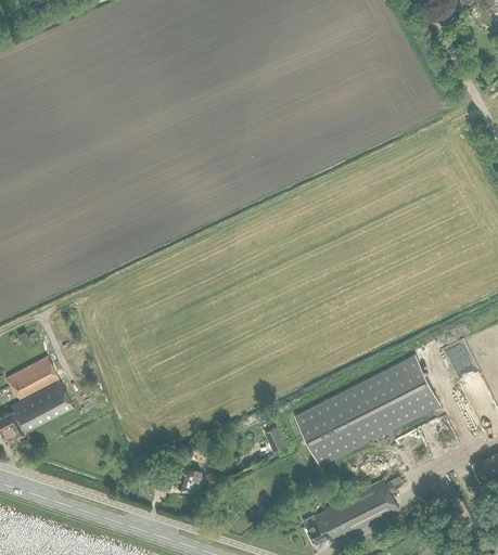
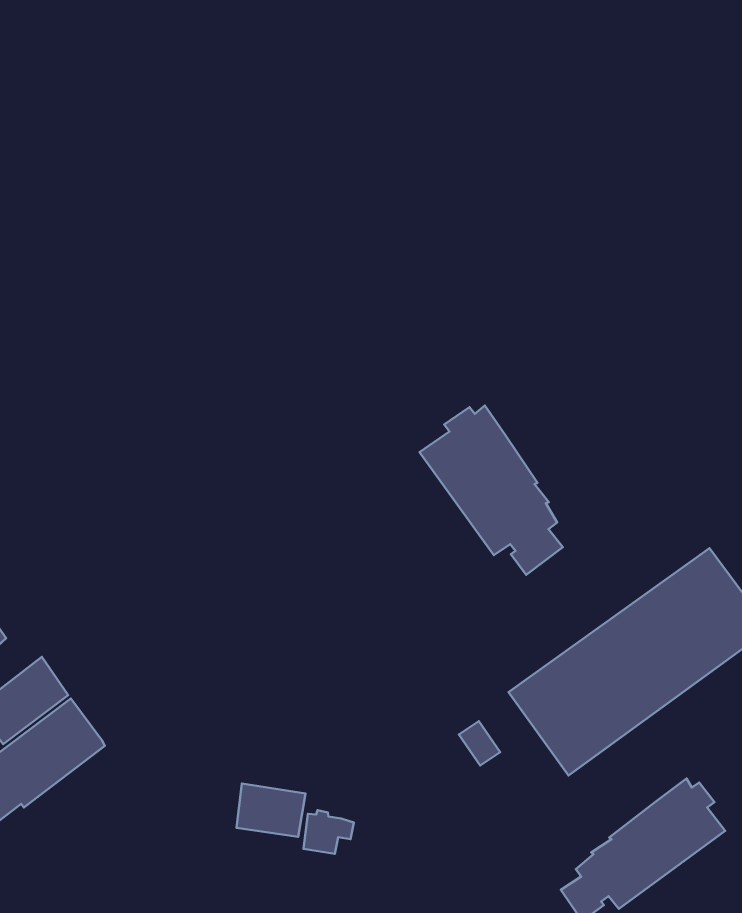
building: none -> [420,406,563,575]
building: none -> [236,783,306,837]

